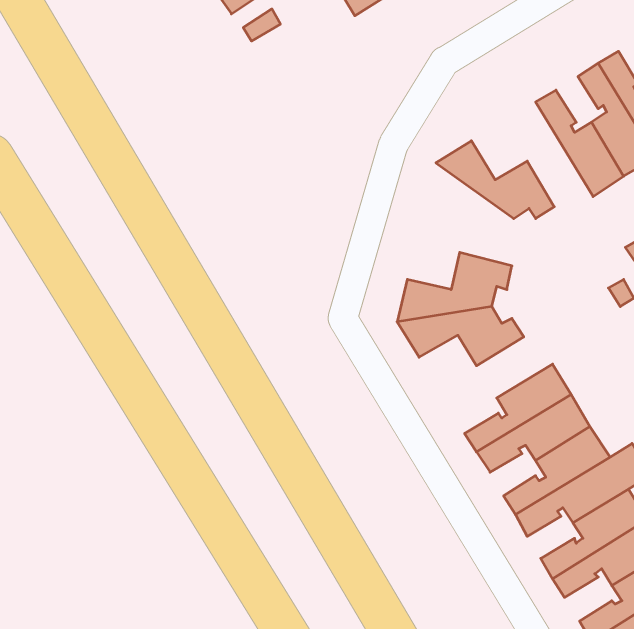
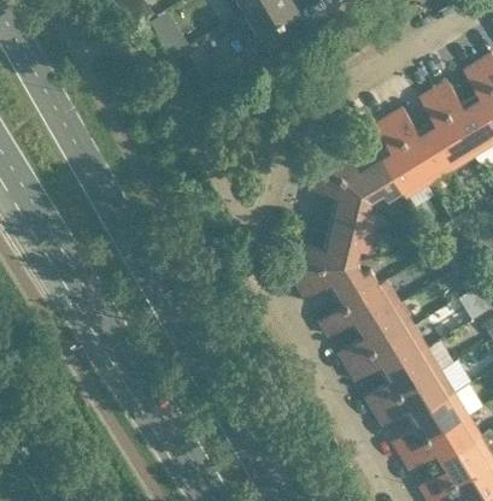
building: none -> [374,117,429,198]
building: none -> [310,160,376,234]
building: none -> [319,281,400,337]

